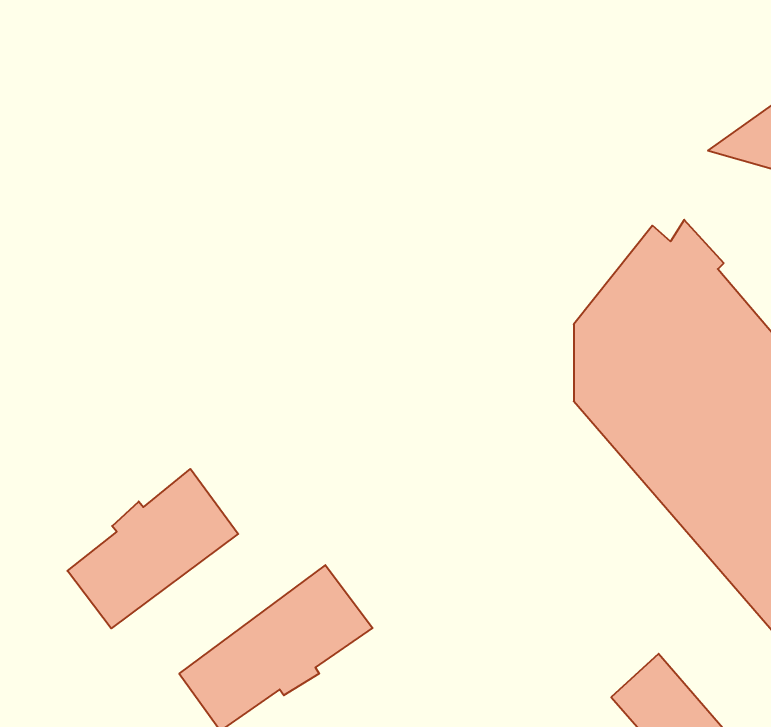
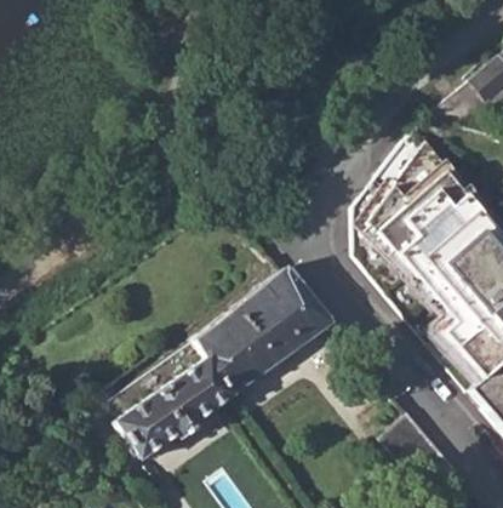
building: none -> [193,269,333,395]
building: [67,469,238,628] -> none

